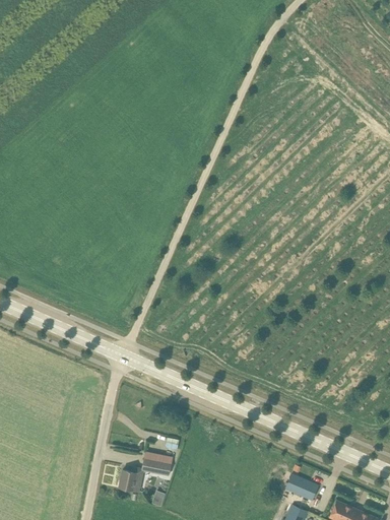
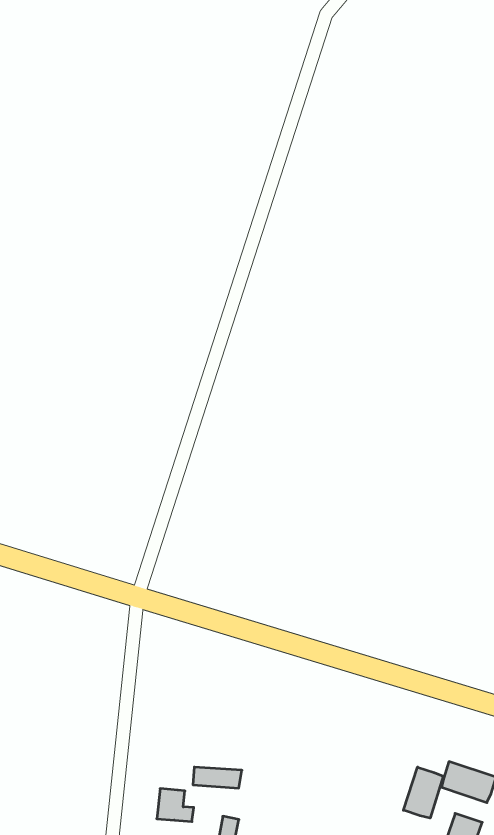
building: none -> [403,767,443,818]

